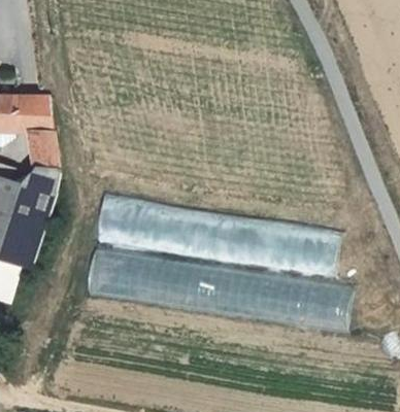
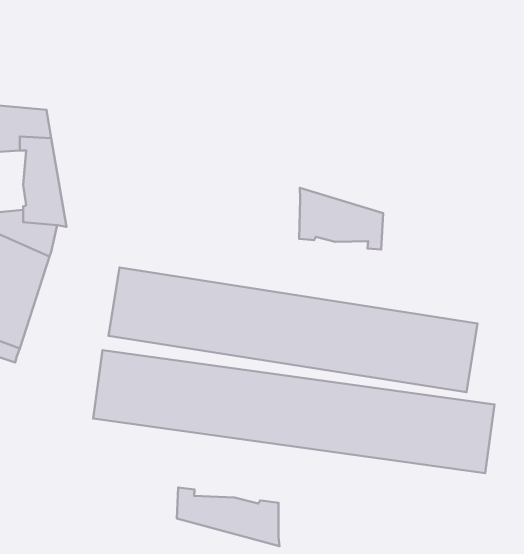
building: none -> [299,188,383,250]
building: none -> [177,488,280,546]

